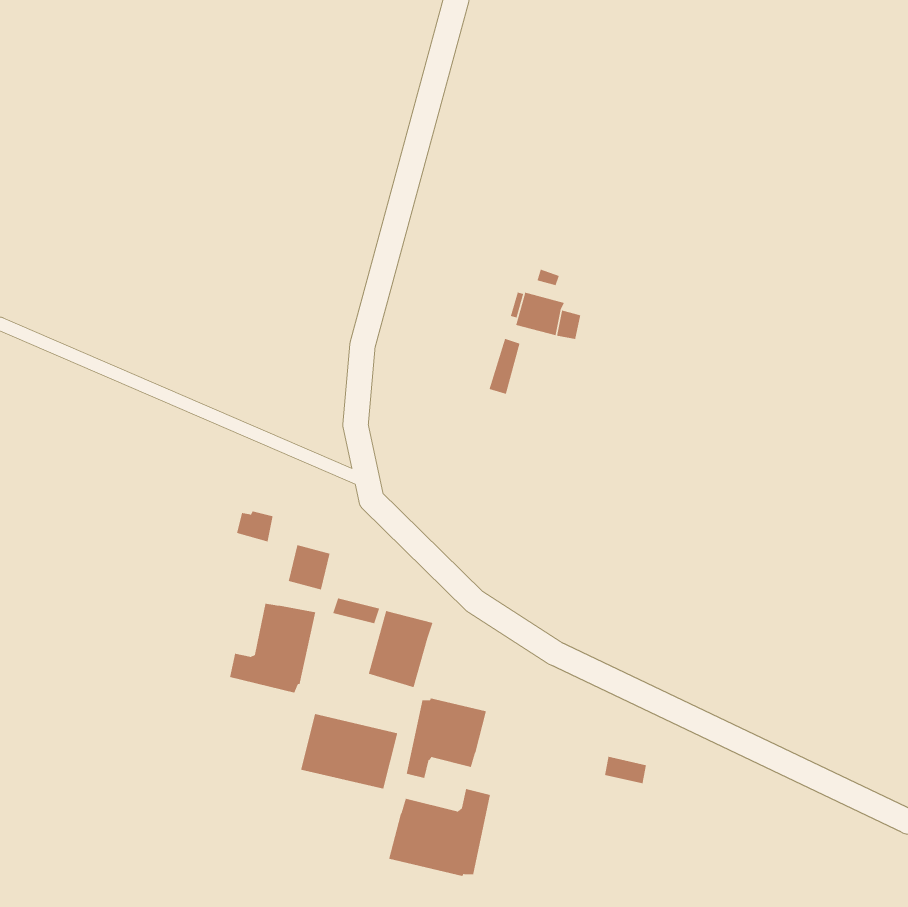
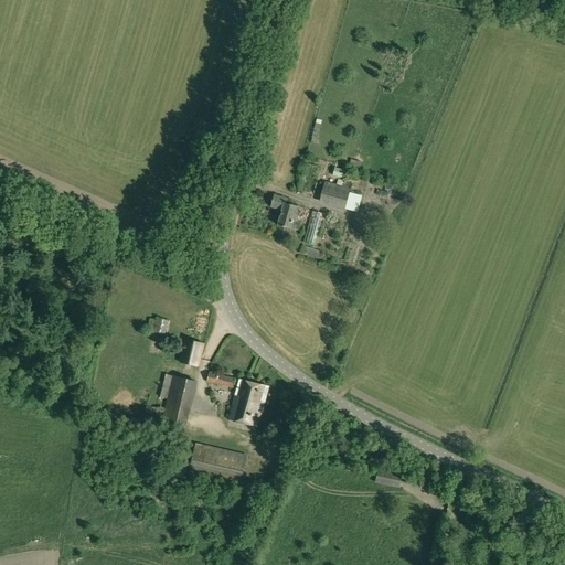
building: none -> [270,195,299,230]
building: [406,698,487,779] -> none
building: [388,788,491,877] -> none

